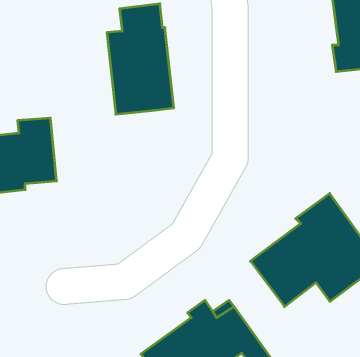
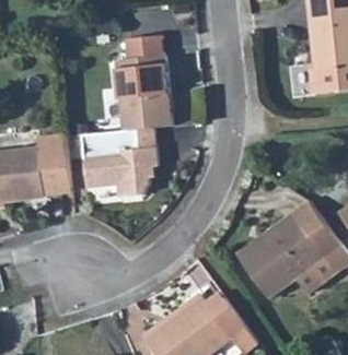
building: none -> [83,127,156,197]

